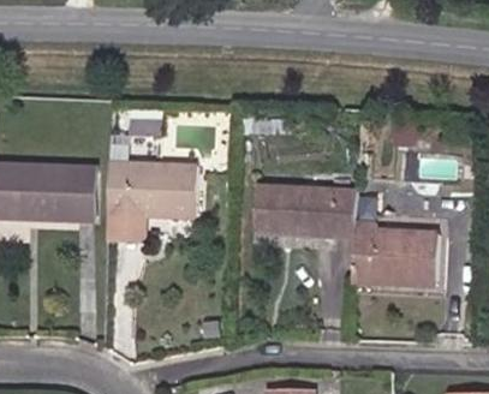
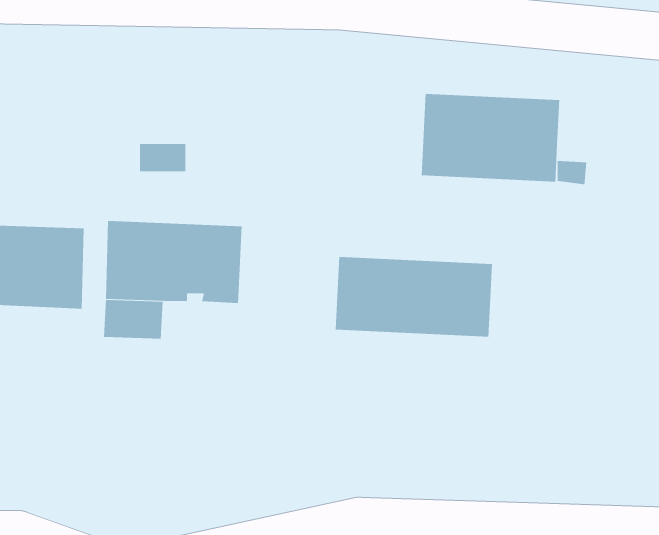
building: none -> [421,93,560,182]
building: [351,214,439,286] -> none

